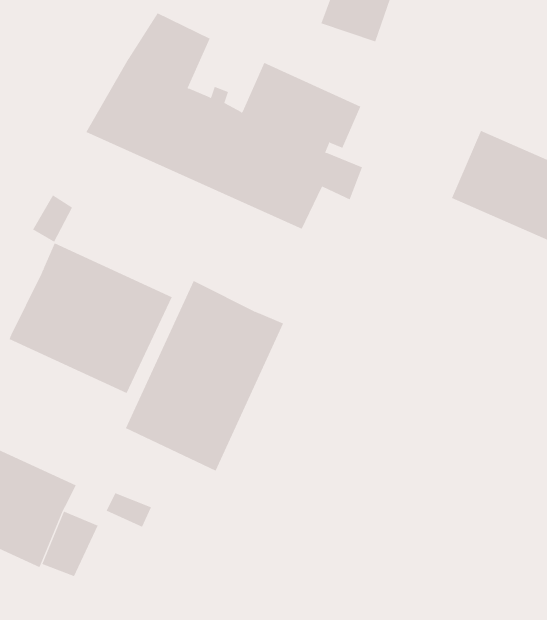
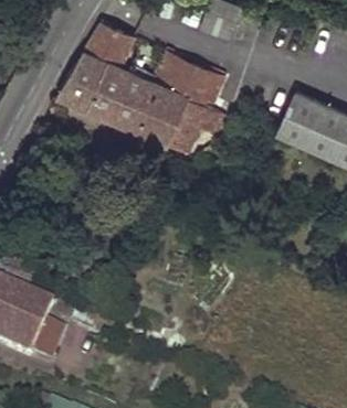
building: [9,242,172,394] -> none
building: [125,280,284,471] -> none

